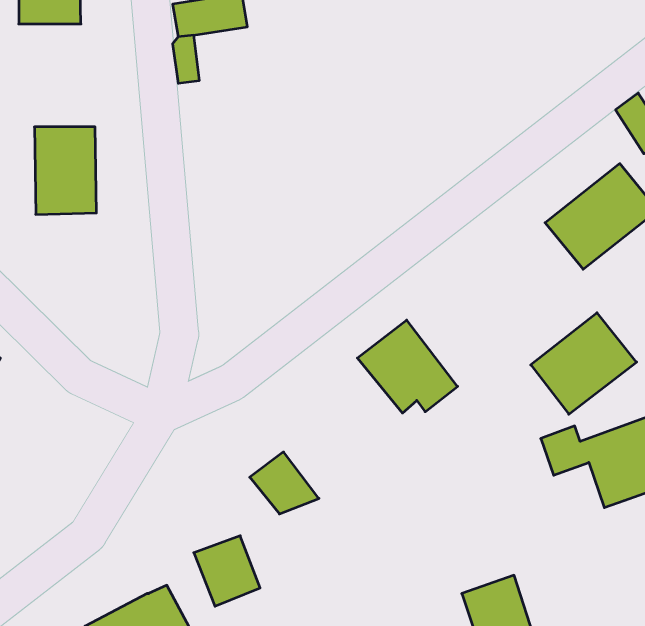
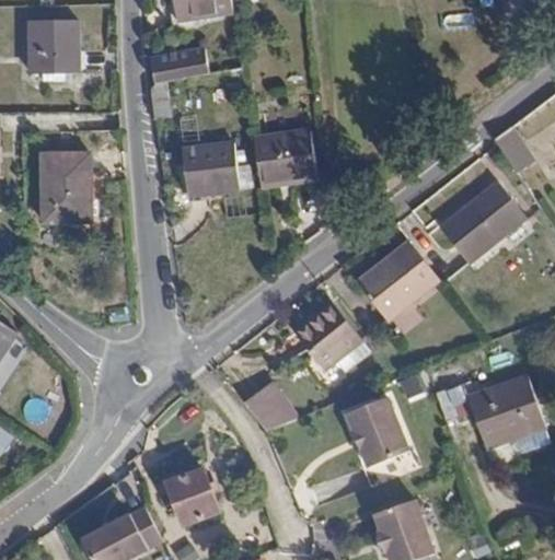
building: none -> [254,130,316,185]
building: none -> [183,138,241,194]
building: [531,313,637,414] -> [357,241,439,319]
building: none -> [348,398,409,467]
building: [250,452,319,514] -> [243,382,297,430]

